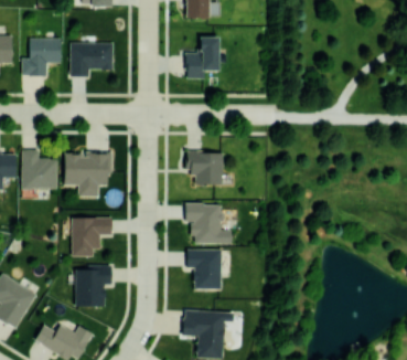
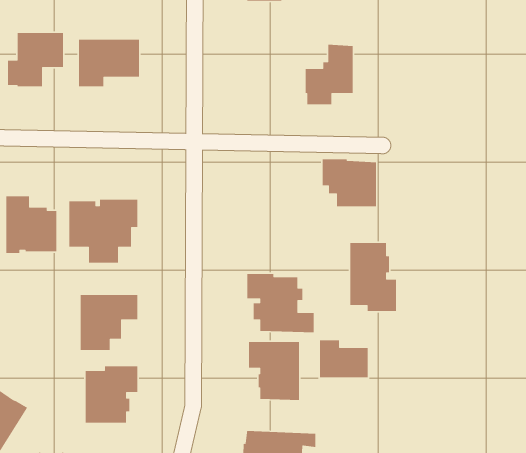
building: [185,36,218,78] -> [305,44,353,105]
building: [185,151,223,184] -> [322,159,377,207]
building: none -> [349,242,397,312]
building: none -> [319,339,368,378]

